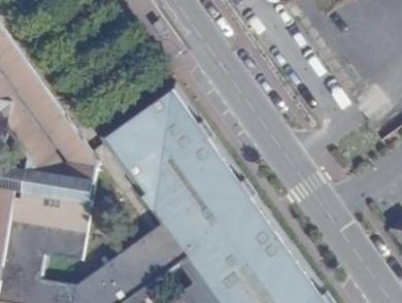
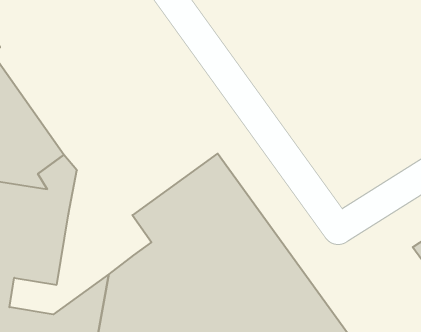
building: [100,85,217,198] -> none

